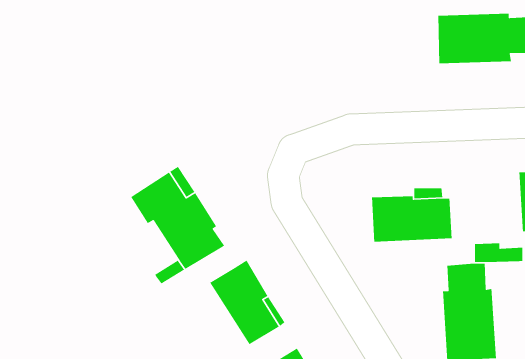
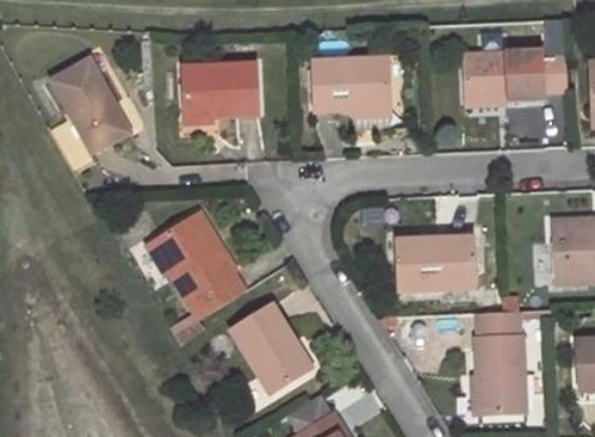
building: none -> [312,55,390,127]
building: none -> [179,60,252,116]
building: none -> [49,61,130,160]

